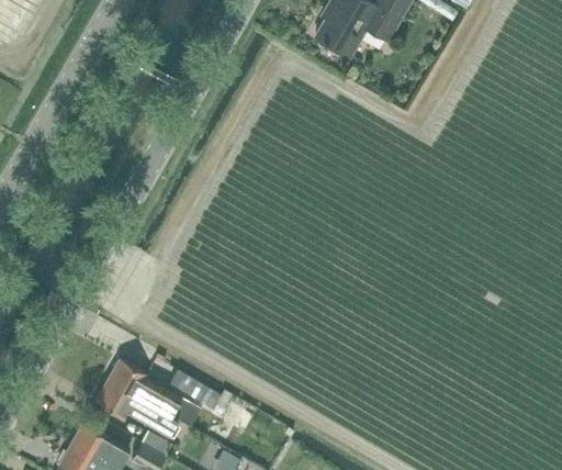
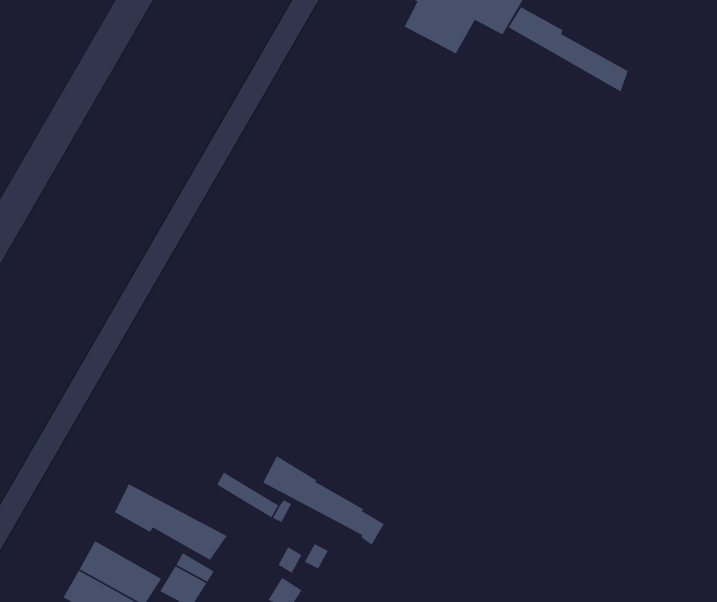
building: none -> [508,6,629,93]
building: [106,358,199,426] -> [262,455,385,546]

